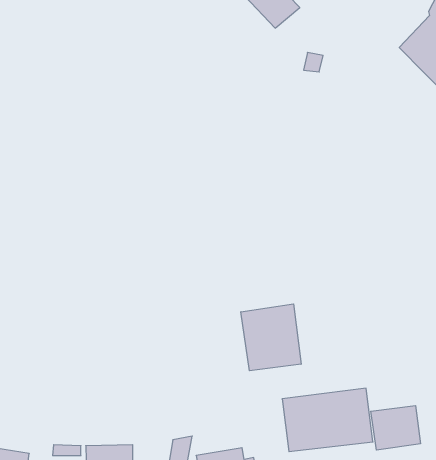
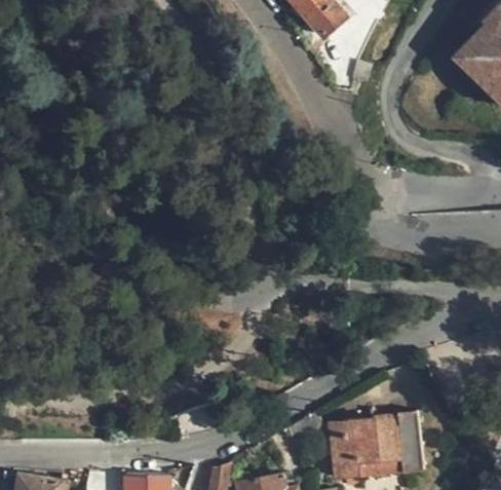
building: [241,304,301,371] -> none
building: [371,406,420,450] -> none

